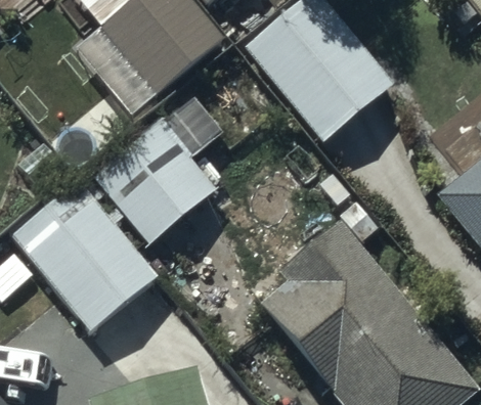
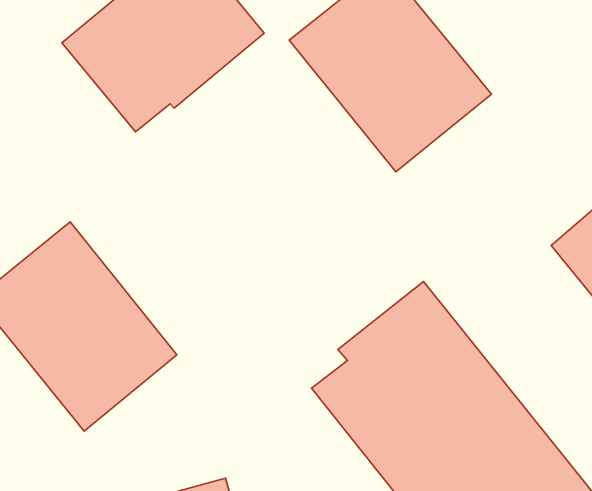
building: [85,90,221,244] -> none

